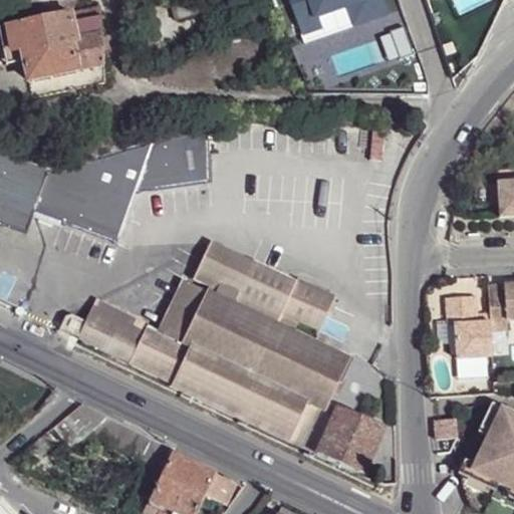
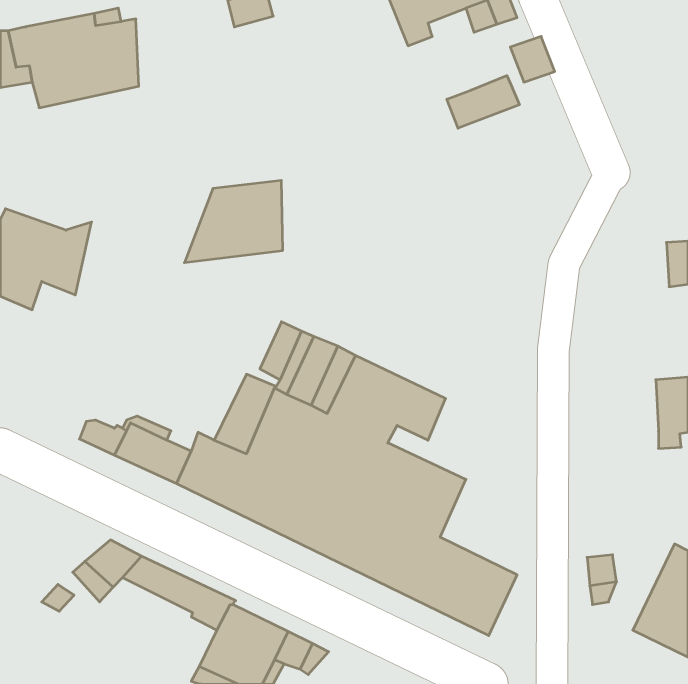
building: none -> [447,76,519,128]
building: [56,141,159,243] -> none
building: [447,298,494,365] -> none

